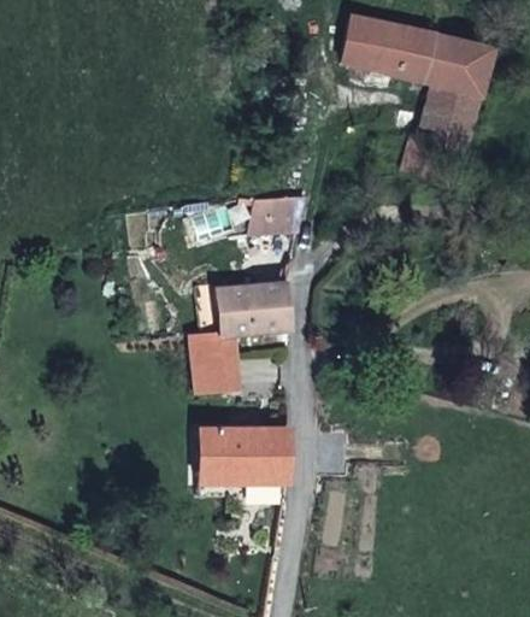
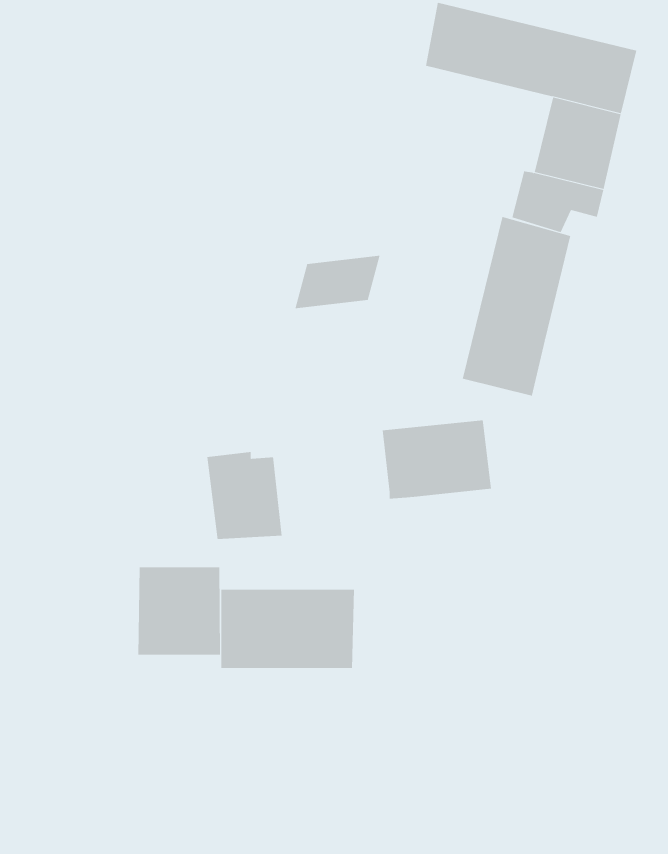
building: none -> [462,216,571,396]
building: [216,280,293,335] -> [382,420,492,499]
building: none -> [138,566,220,656]

